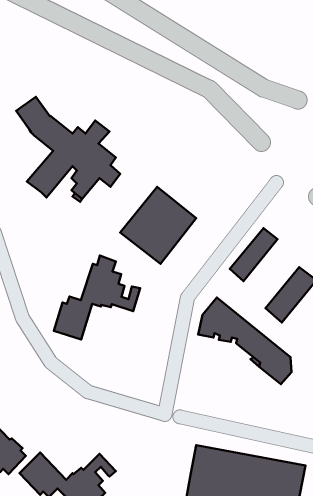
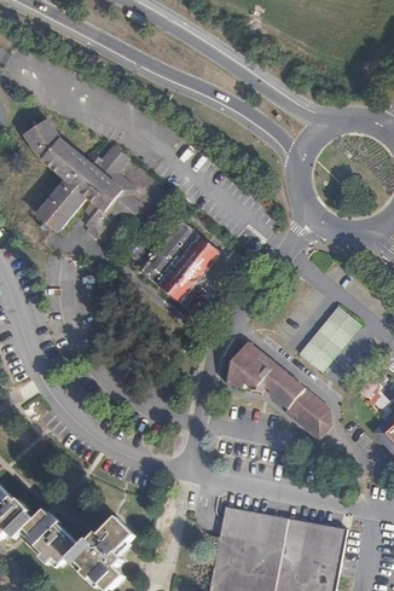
building: [230,228,278,281] -> none
building: [54,255,140,339] -> none

